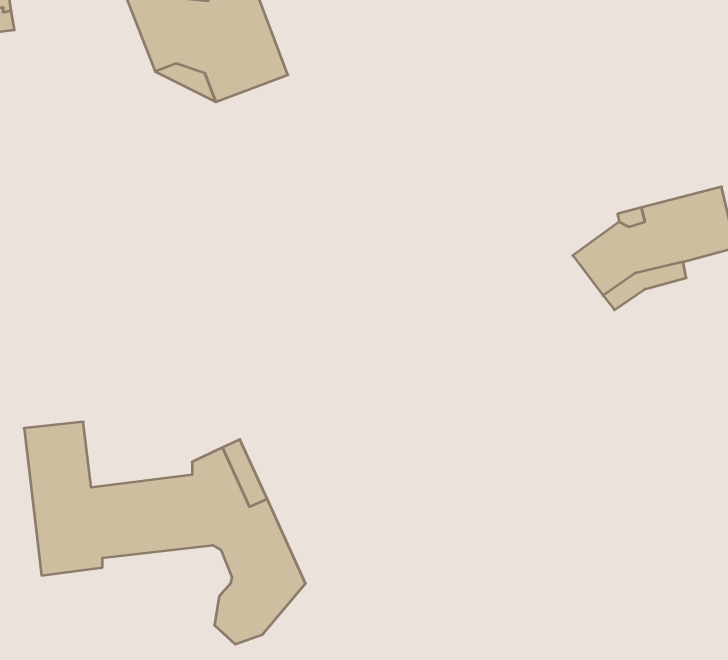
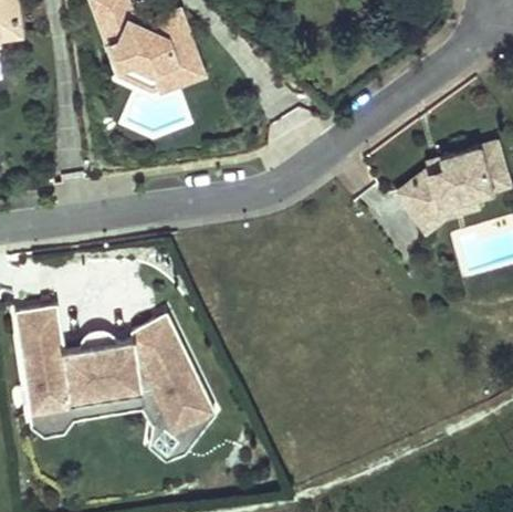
building: none -> [32,390,164,431]

